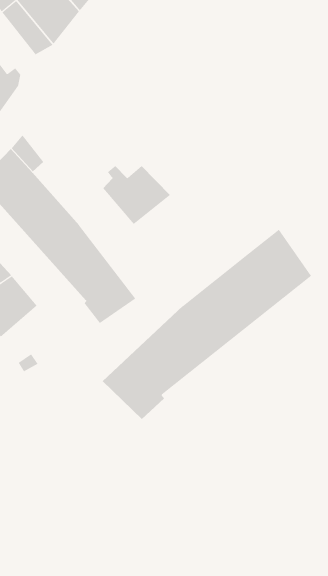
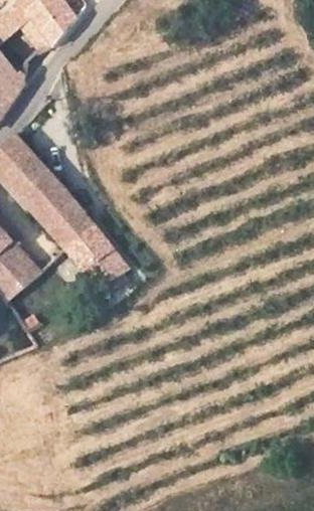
building: [103,165,171,225] -> none
building: [102,229,312,420] -> none

